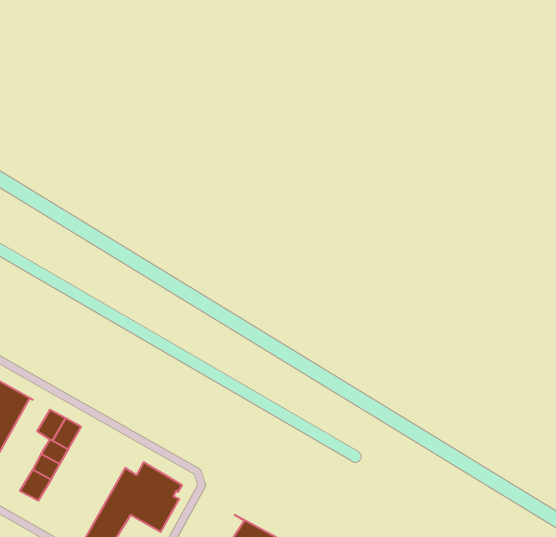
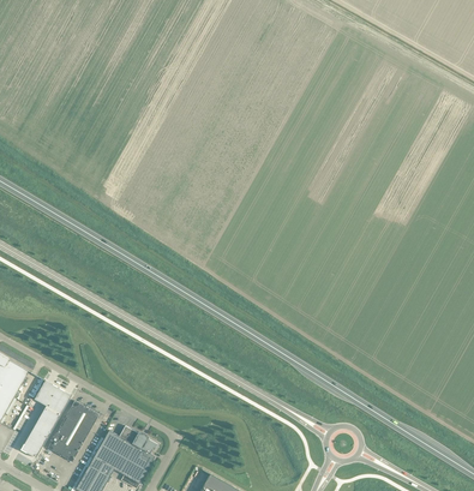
building: none -> [47,401,97,462]

